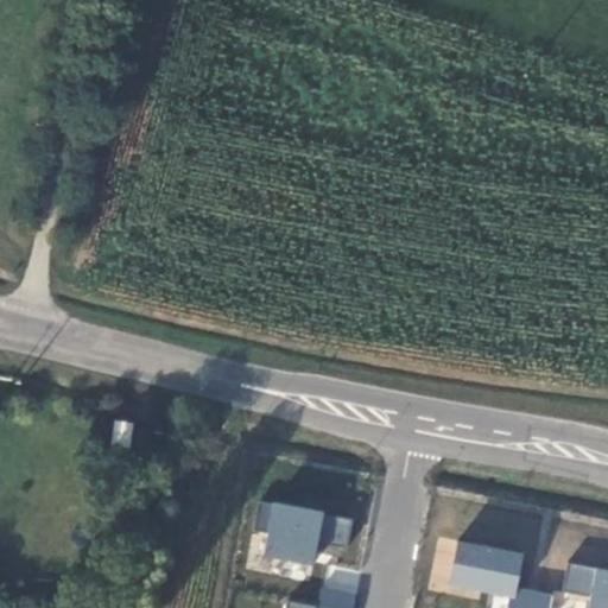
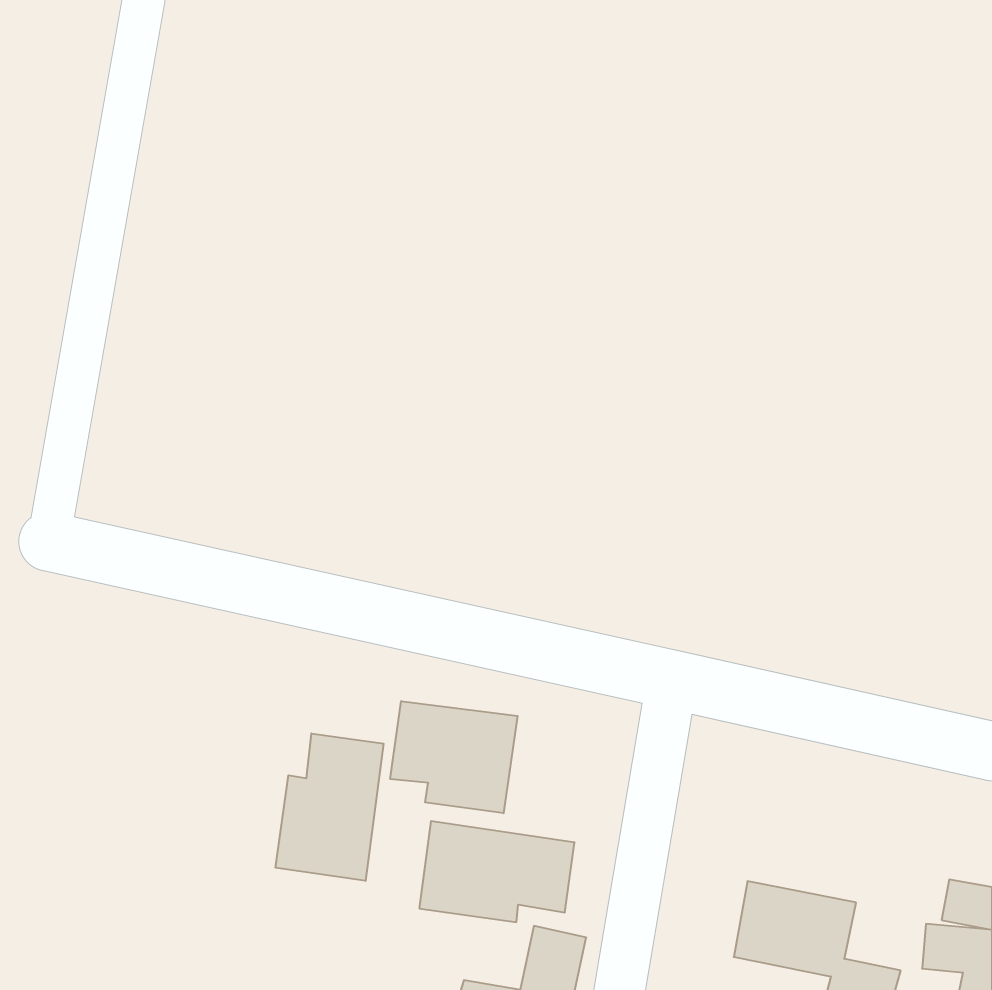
building: none -> [390,701,518,813]
building: none -> [276,733,384,881]

